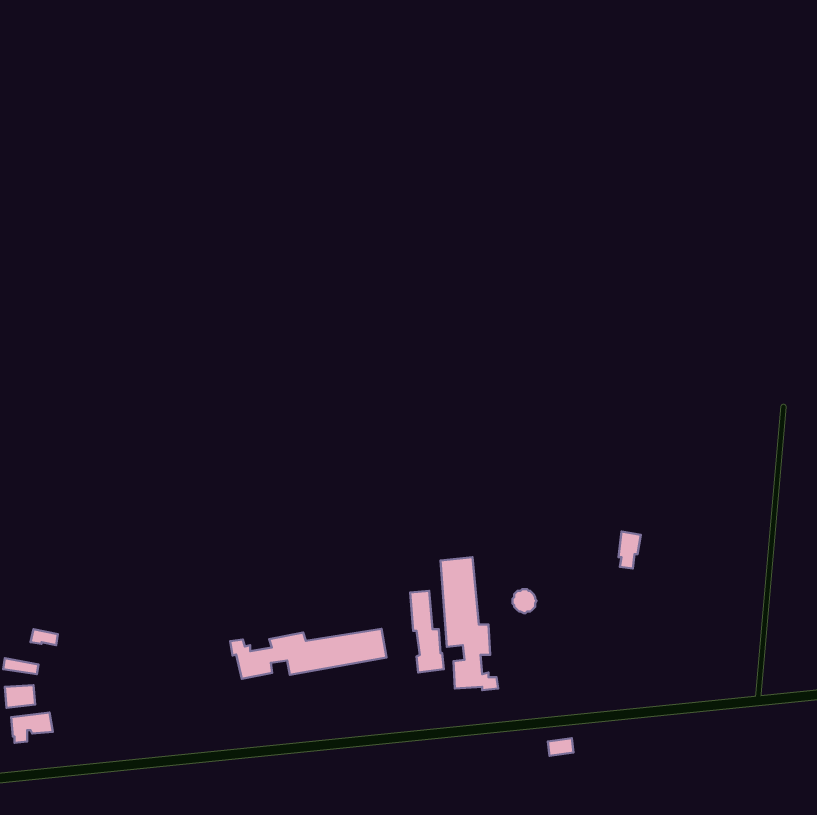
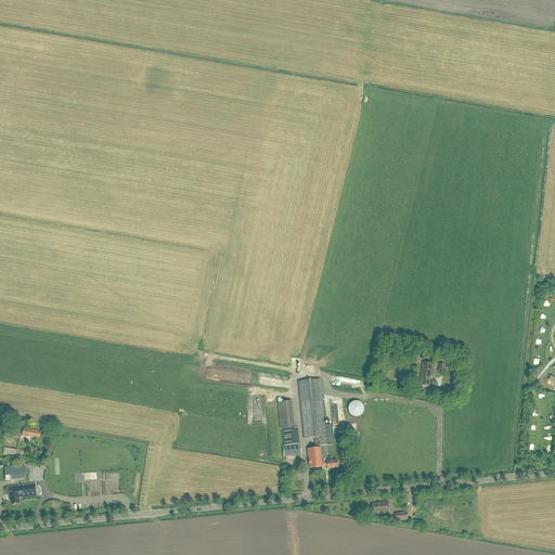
building: [230,629,387,679] -> none

